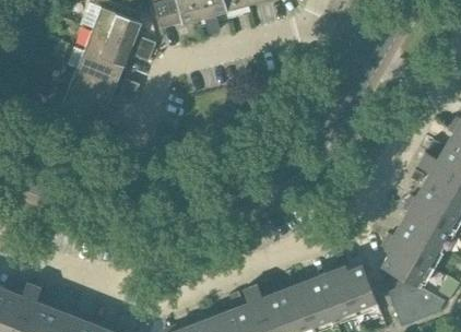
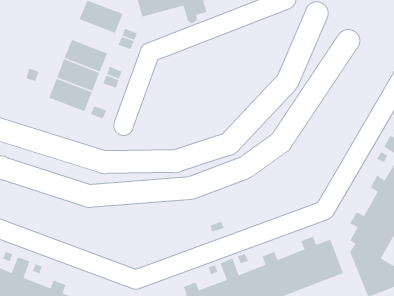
building: [85,29,132,66] -> none

